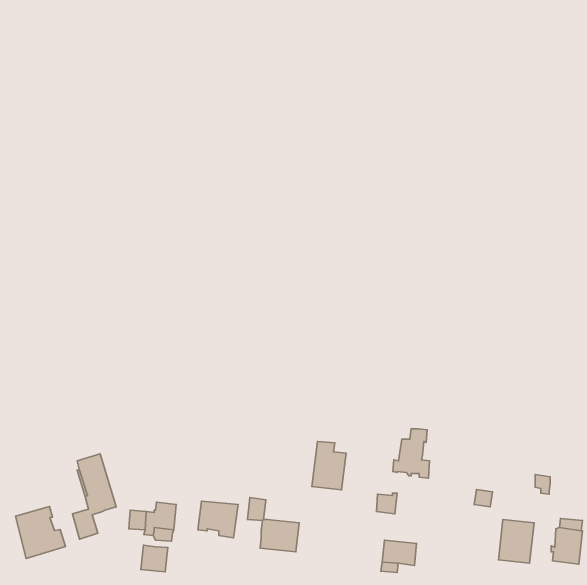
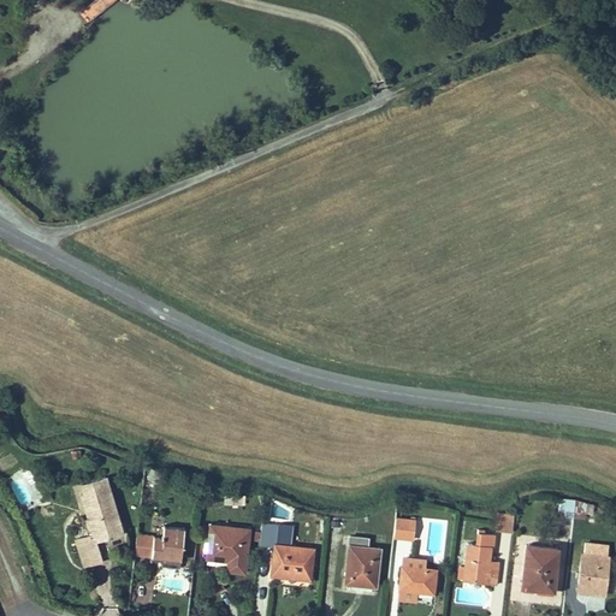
building: [393,429,430,478] -> [460,534,498,586]
building: [312,442,346,490] -> [345,538,381,588]
building: [16,507,65,558] -> none
building: [141,545,168,572] -> none

